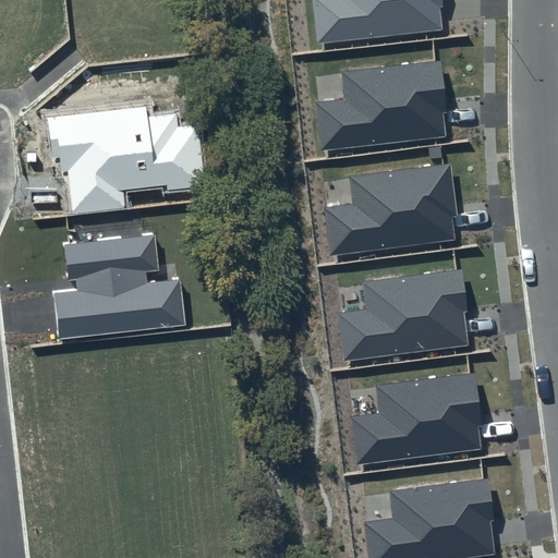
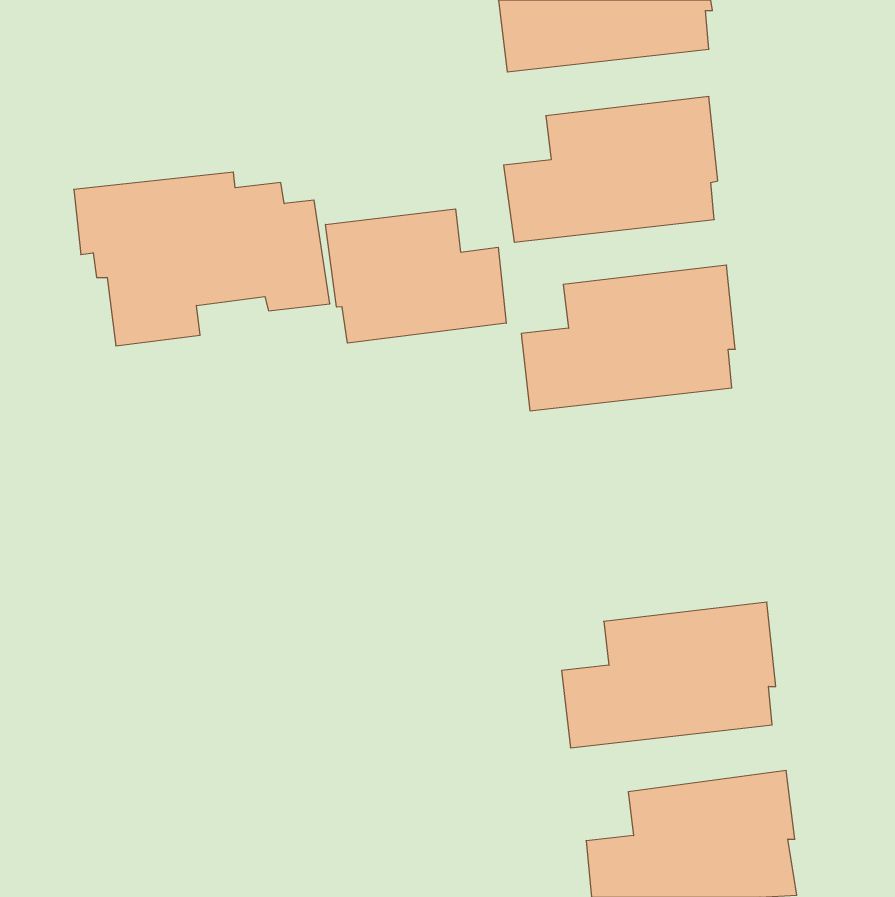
building: none -> [326,209,506,343]
building: [51,234,185,339] -> none
building: [338,270,468,361] -> none

